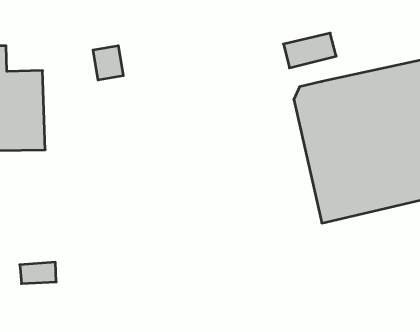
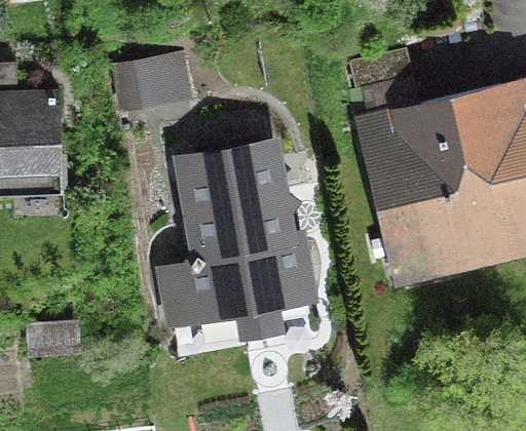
building: none -> [184,149,304,330]

